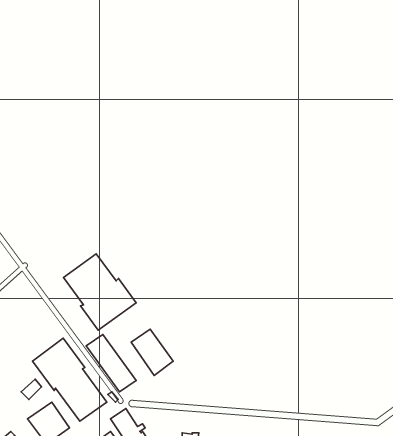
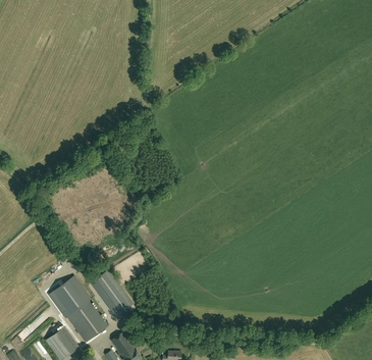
building: [64,254,136,330] -> none
building: [131,329,173,376] -> none

